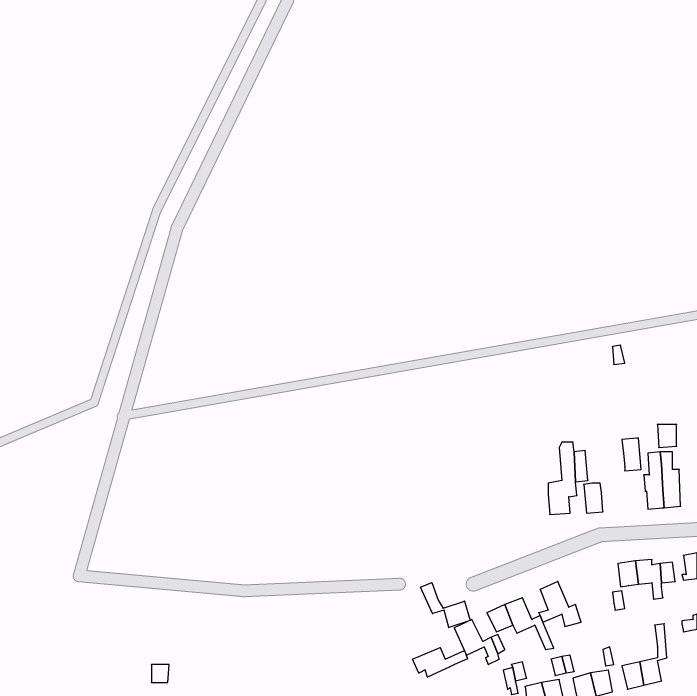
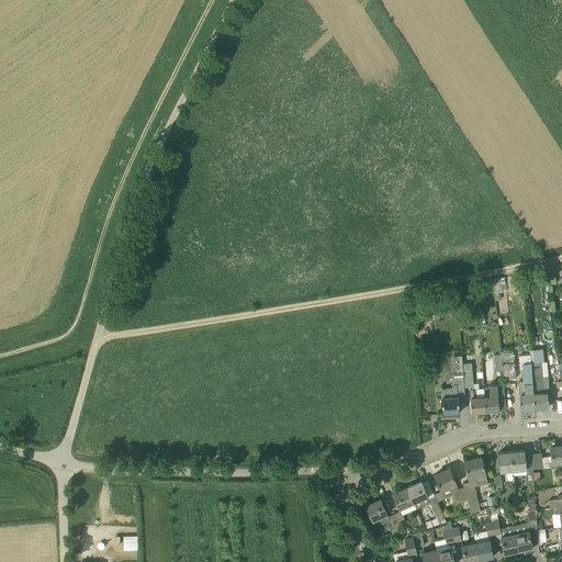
building: none -> [484,384,505,413]
building: none -> [463,458,488,514]
building: [421,583,470,628] -> none
building: [413,648,467,677] -> none

